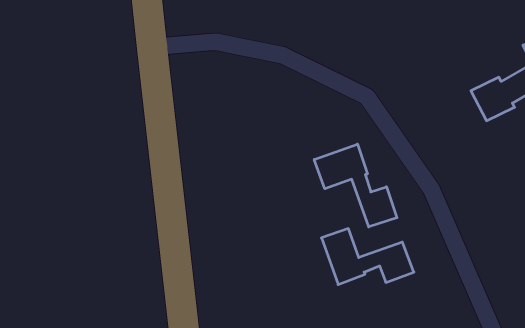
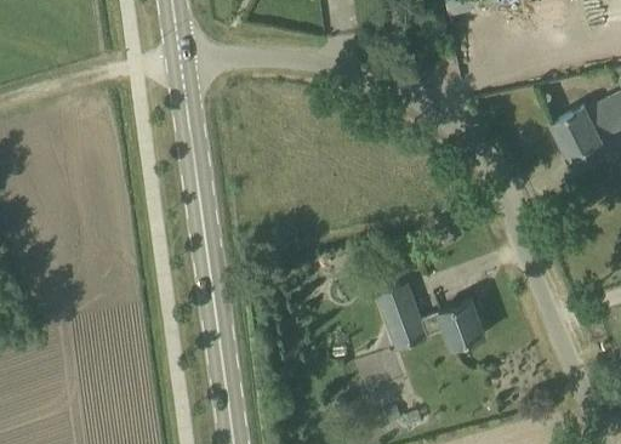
building: [314,144,397,227] -> none

